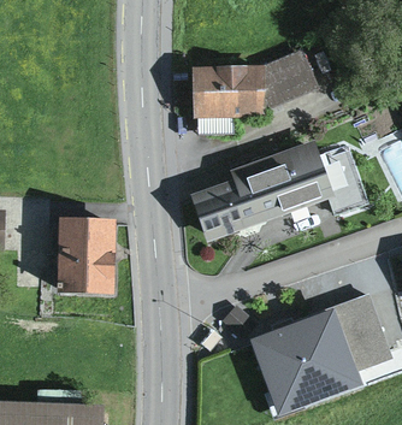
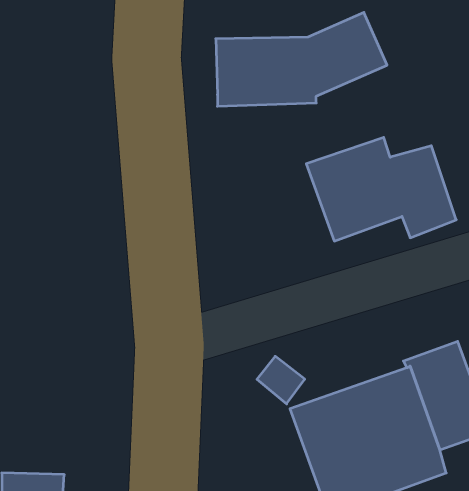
building: [190,159,279,242] -> none
building: [47,219,116,295] -> none

